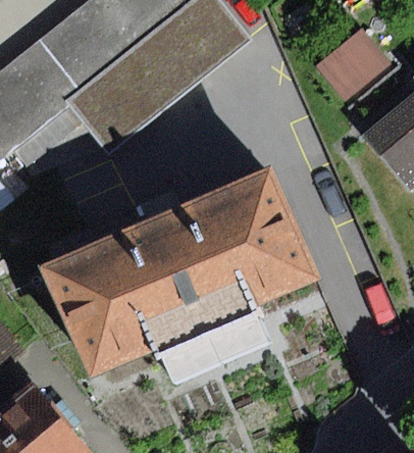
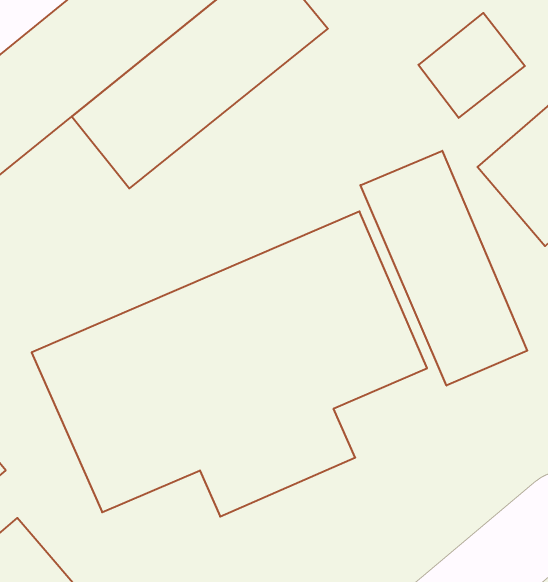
building: none -> [360,151,527,386]

